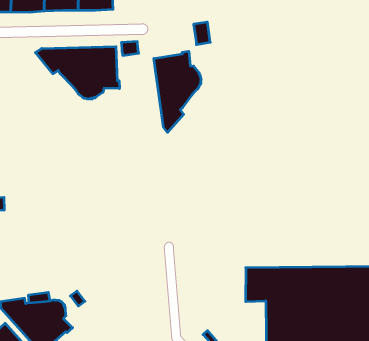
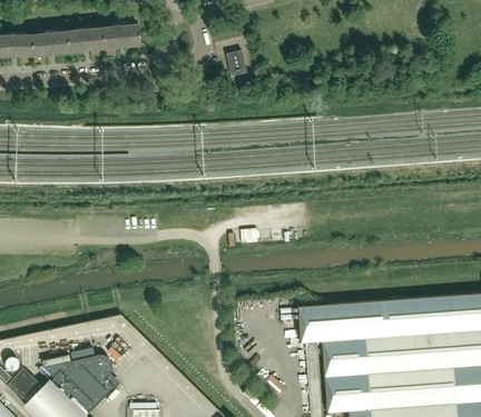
building: [35,47,119,99] -> none
building: [154,51,201,132] -> none

